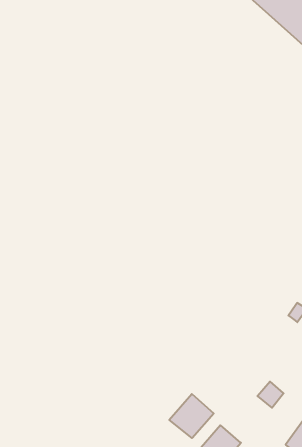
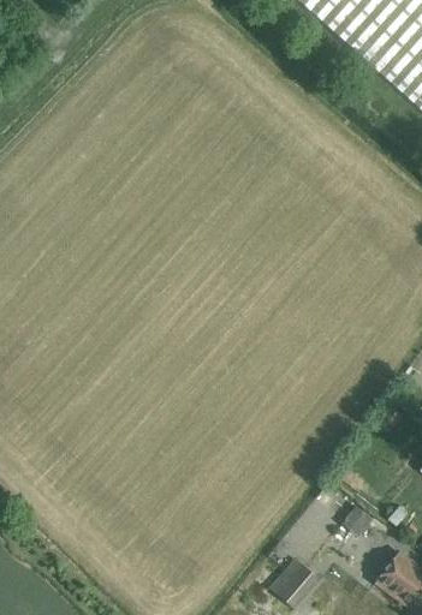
building: [169,394,214,438] -> none

